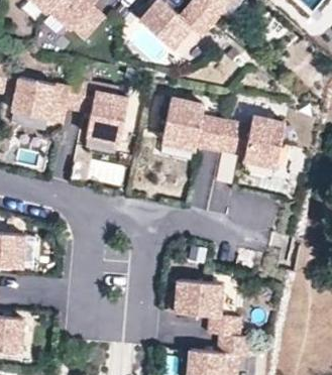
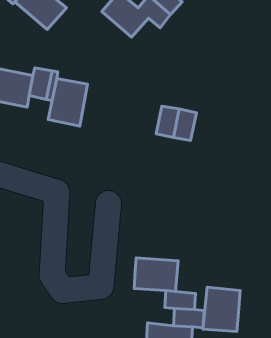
building: [160,98,203,151] -> none
building: [242,116,284,166] -> none
building: none -> [203,287,240,332]

